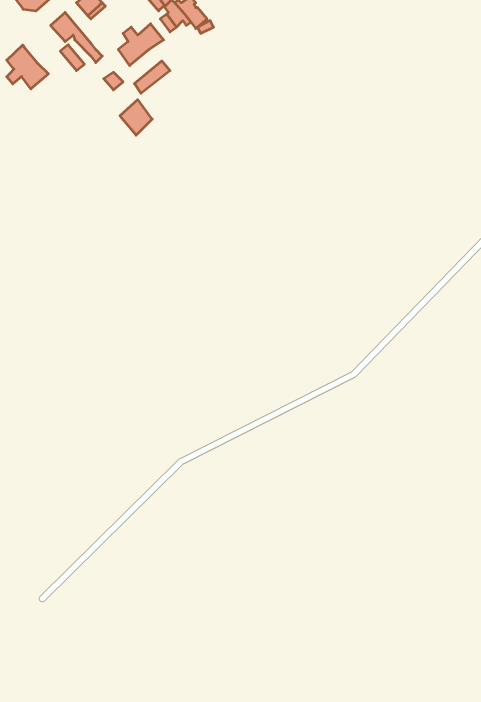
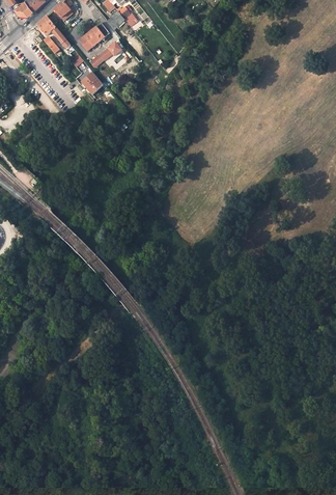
building: [7,45,48,89] -> none

